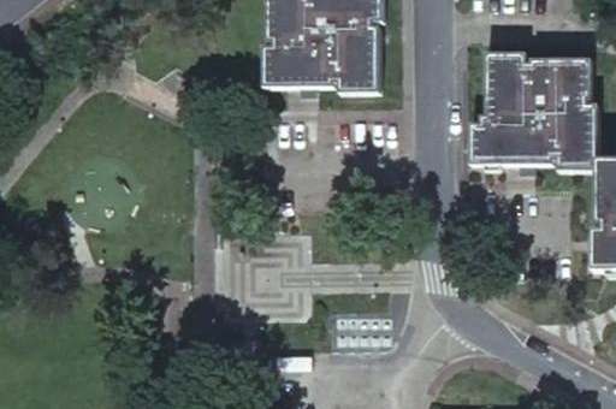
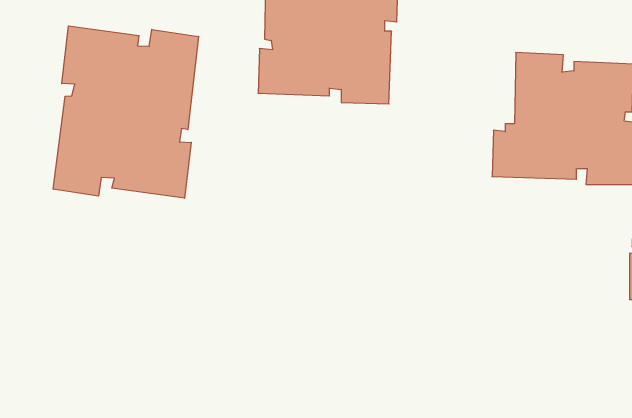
building: none -> [53,26,199,198]

